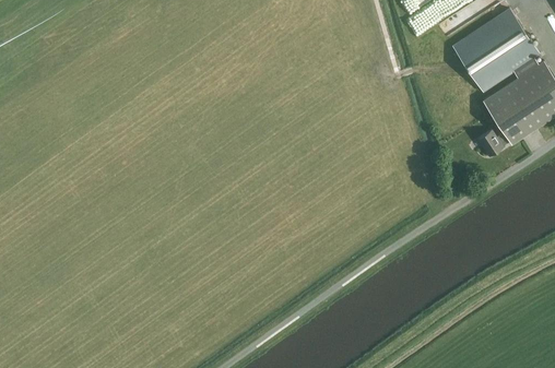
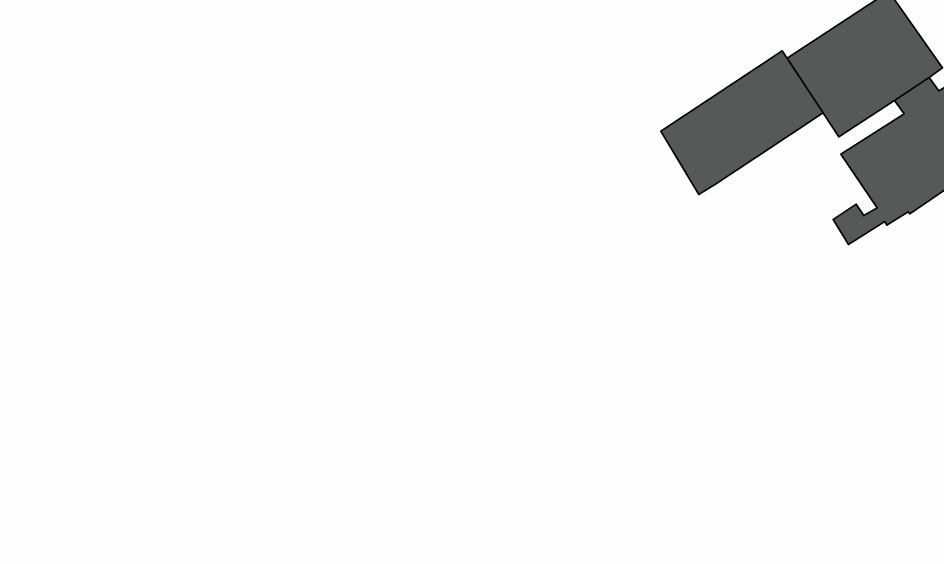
building: none -> [661,51,823,194]

